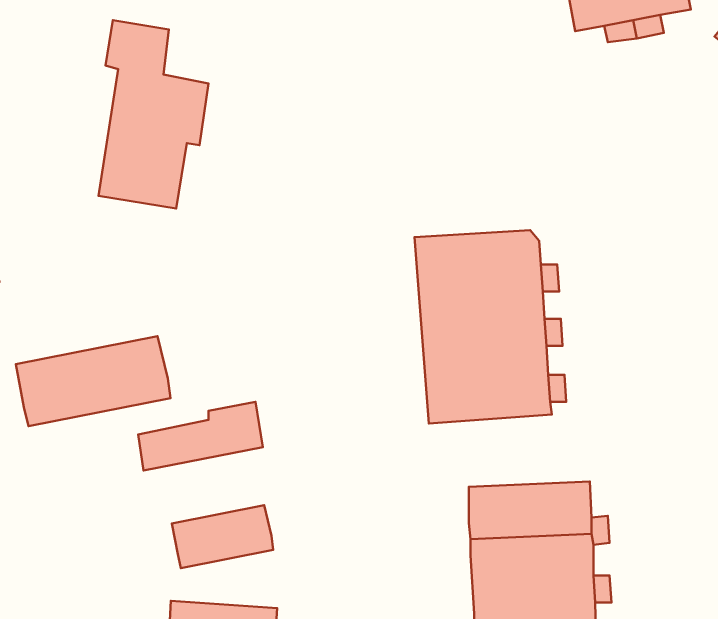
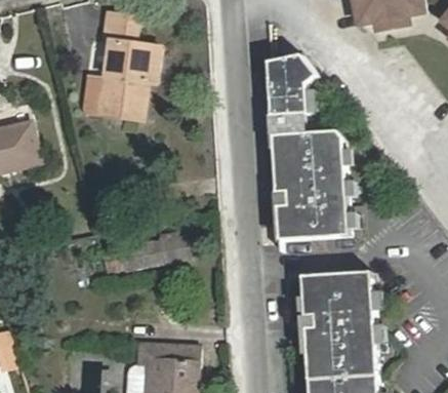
building: none -> [266,56,316,118]
building: [16,336,170,426] -> none
building: [172,505,273,568] -> none

